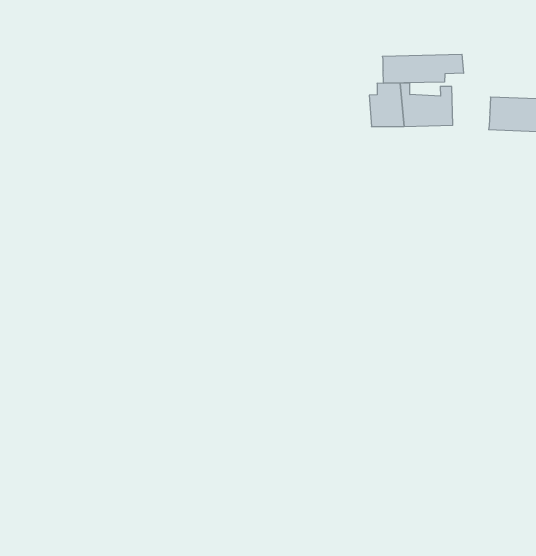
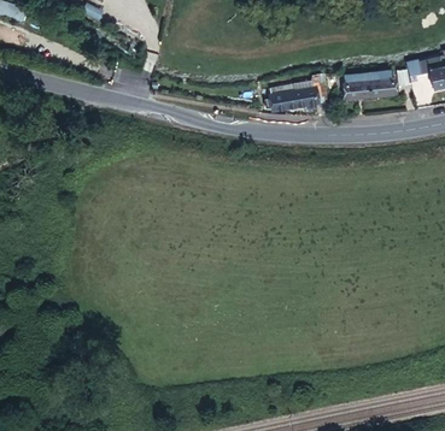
building: [382,54,464,83] -> none

